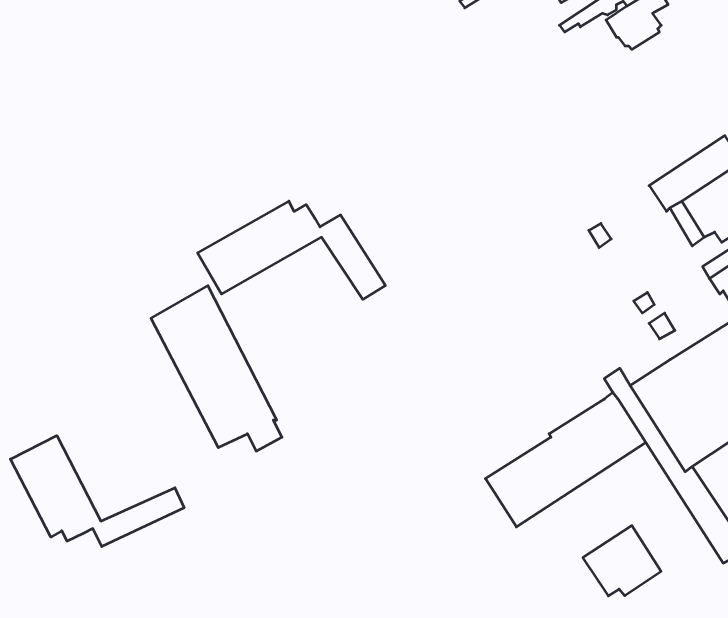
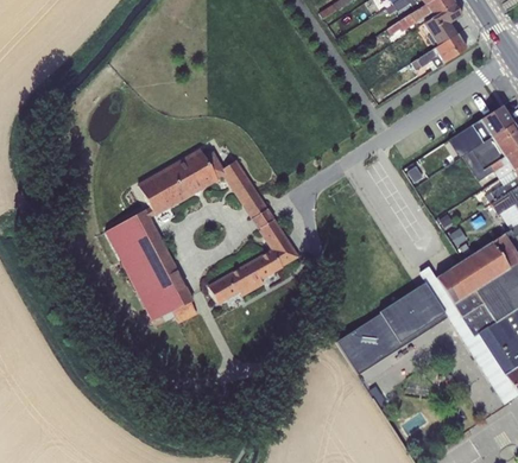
building: none -> [411,33,466,70]
building: none -> [208,208,299,303]
building: [10,436,184,547] -> none
building: [583,526,661,596] -> none

